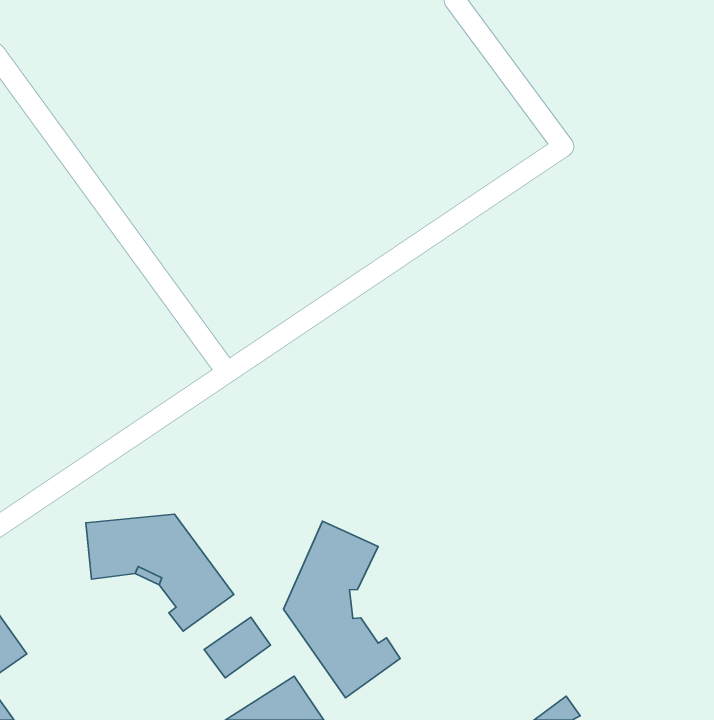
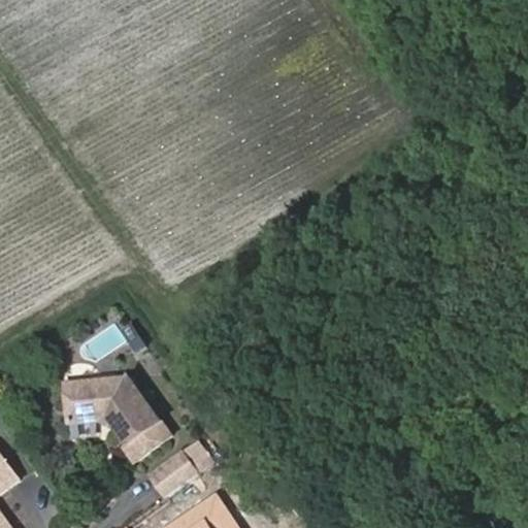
building: [283,521,400,698] -> none

